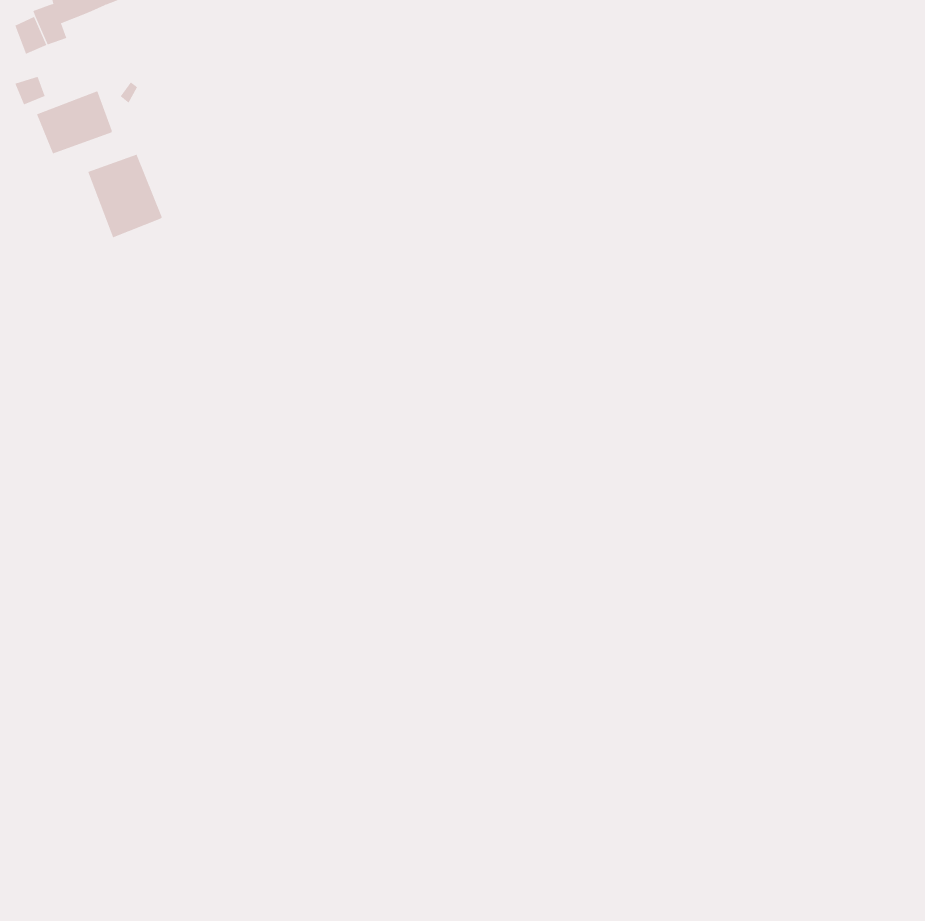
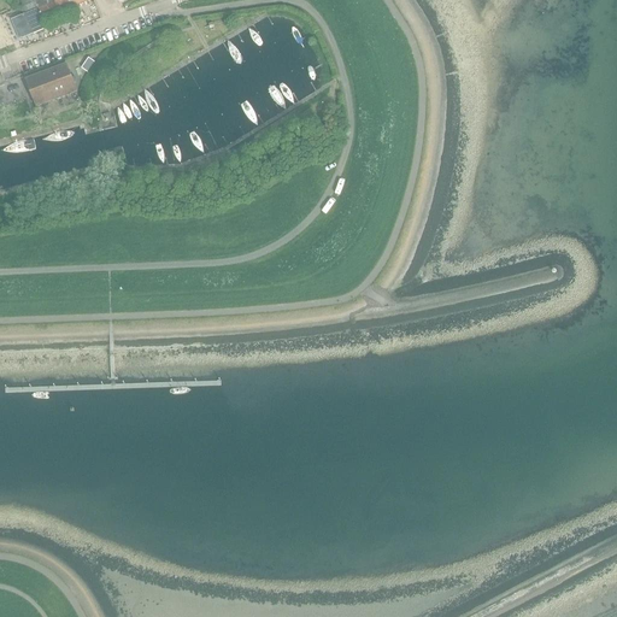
building: [87,154,162,238] -> none

